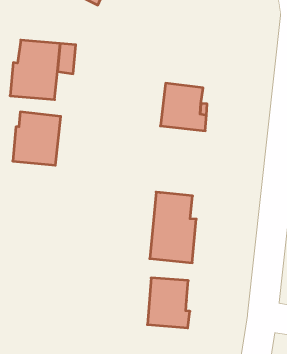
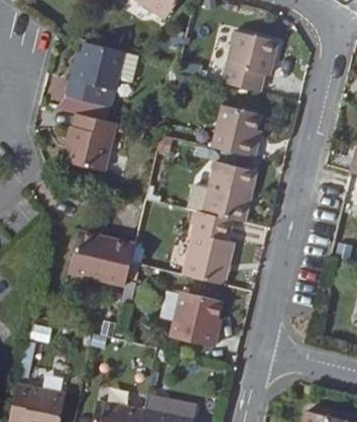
building: none -> [213,29,265,89]
building: none -> [193,157,246,218]
building: none -> [60,233,125,287]

